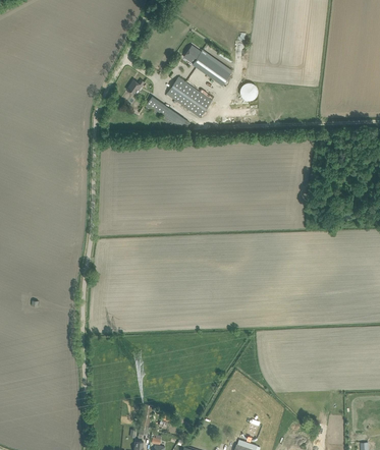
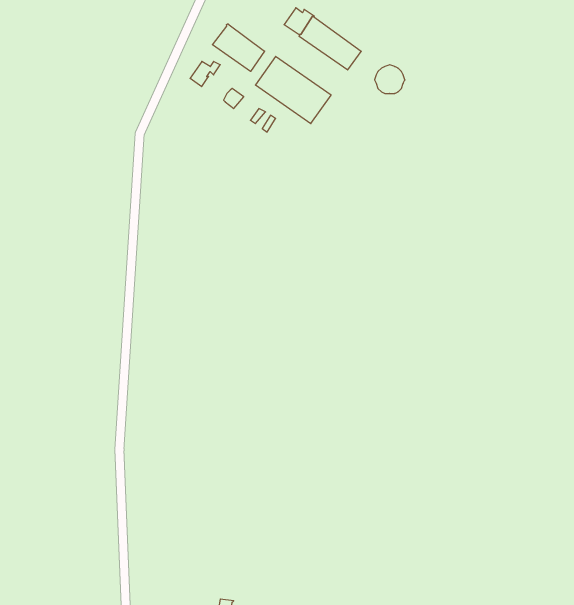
building: none -> [212,24,265,71]

